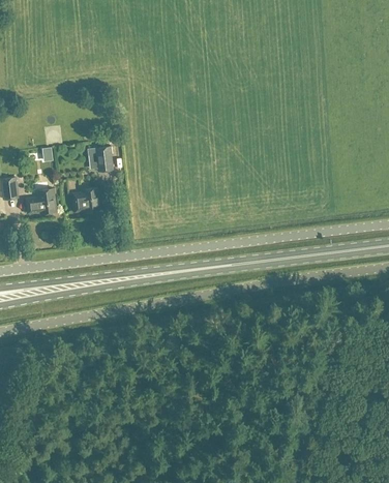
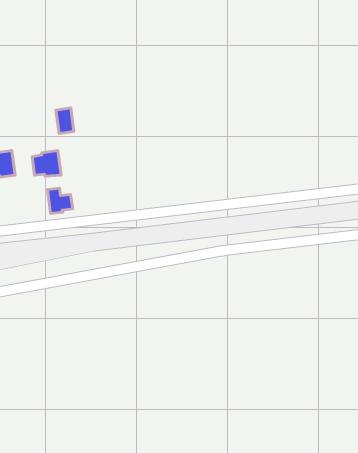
building: none -> [47,188,73,214]

